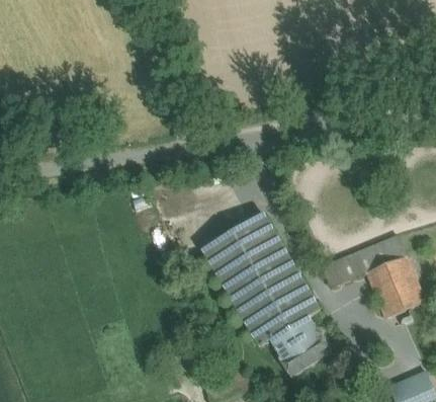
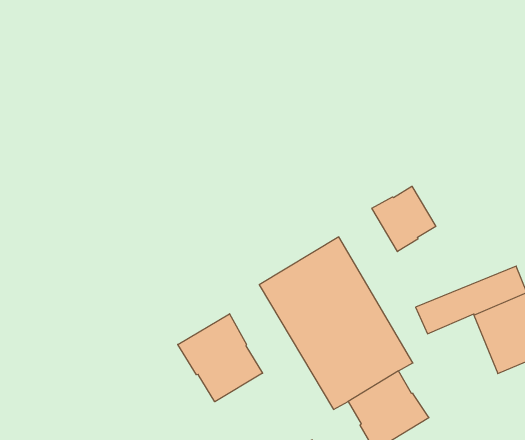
building: none -> [372,186,436,252]
building: none -> [178,314,263,402]

